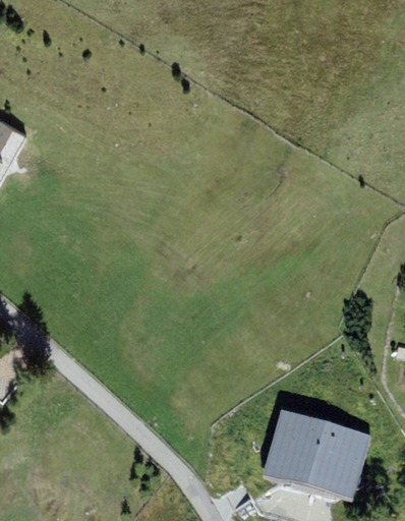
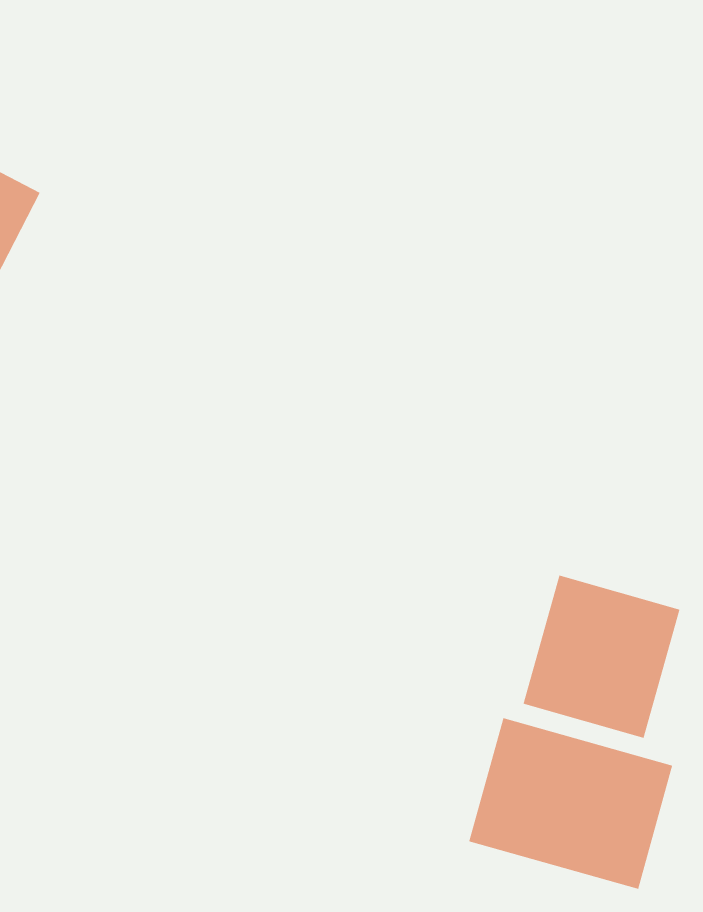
building: none -> [522,574,681,739]

